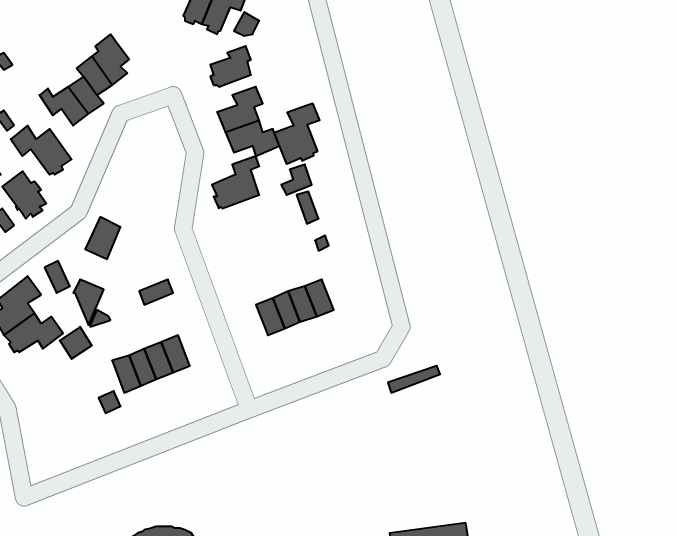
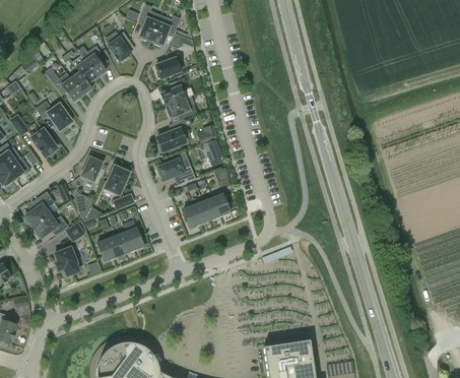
building: none -> [108,30,131,61]
building: [274,103,320,164] -> none
building: none -> [156,159,195,183]
building: none -> [103,165,129,194]
building: none -> [54,246,78,274]

